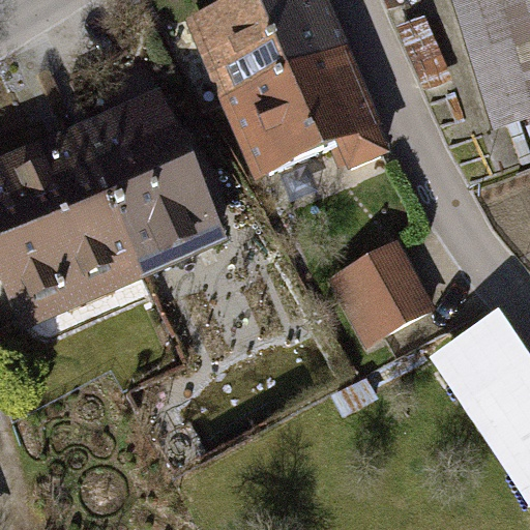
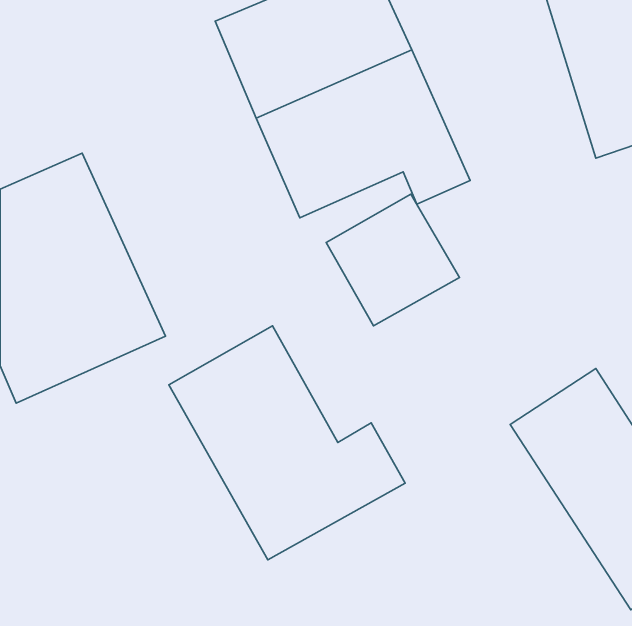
building: [71,88,228,279] -> none
building: [325,235,436,345] -> [326,194,459,326]
building: none -> [169,326,405,560]

